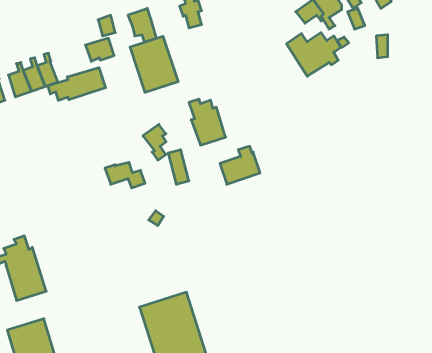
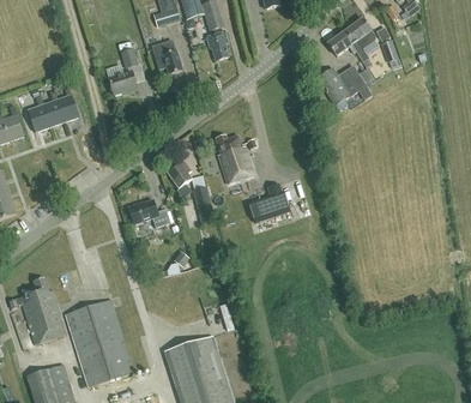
building: [130,36,178,92] -> none
building: [48,68,105,100] -> none
building: none -> [64,299,134,387]

